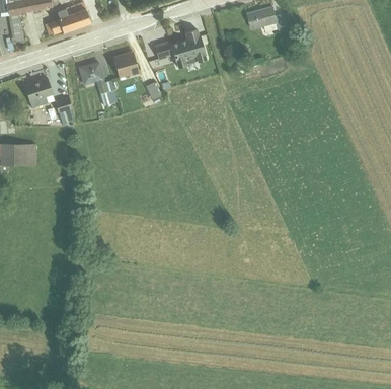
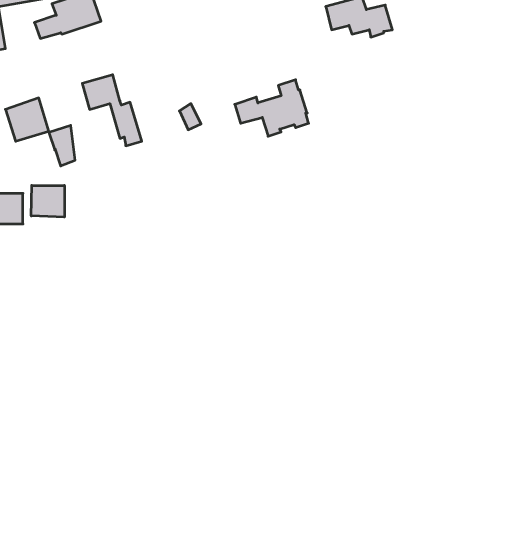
building: [154,27,206,67] -> [235,80,309,136]
building: [112,52,140,77] -> none
building: none -> [31,185,64,217]

